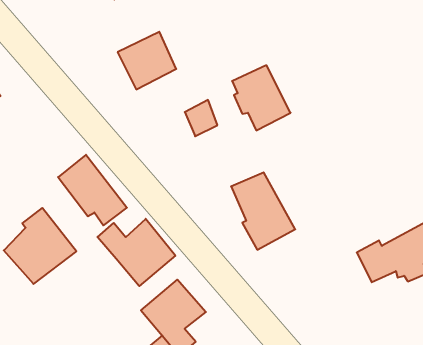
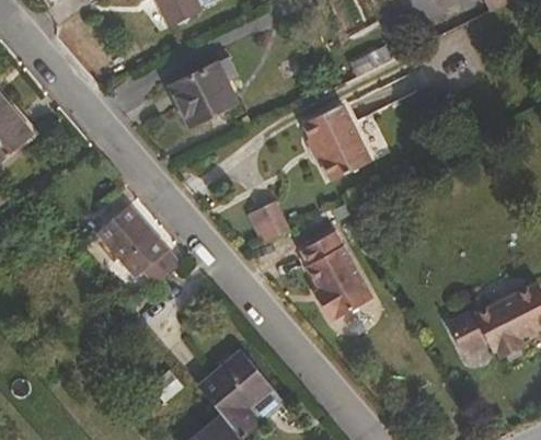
building: [185,100,217,136] -> [242,201,280,244]
building: [4,208,76,284] -> none
building: [97,219,175,286] -> none

